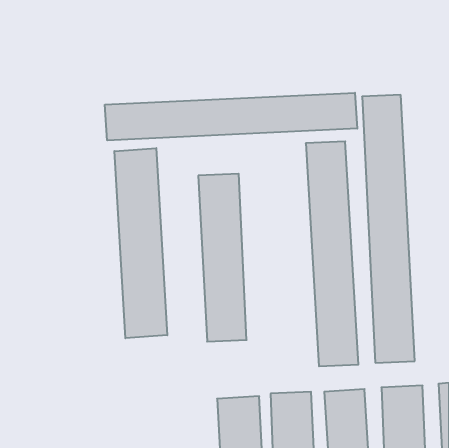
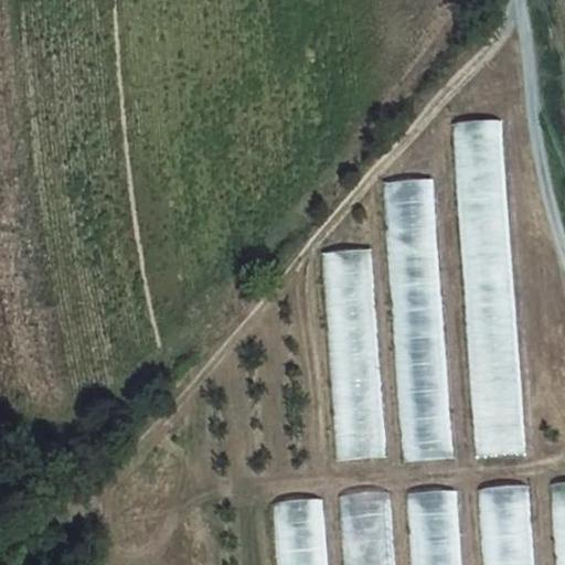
building: [105,93,357,140] -> none
building: [114,148,167,338] -> none
building: [198,174,247,342] -> [322,249,383,460]

